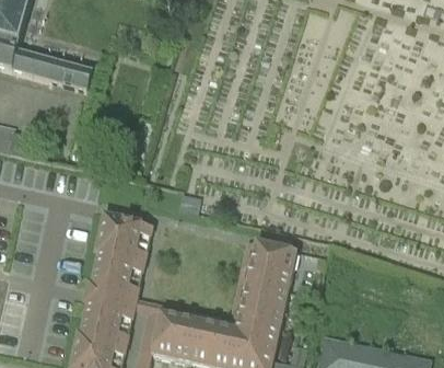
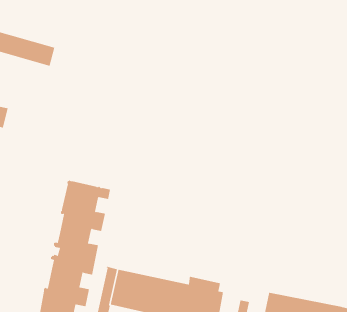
building: [238,241,296,329] -> none

